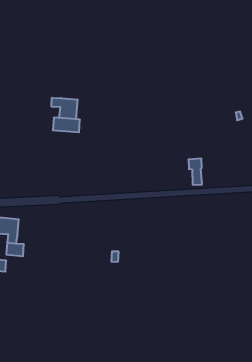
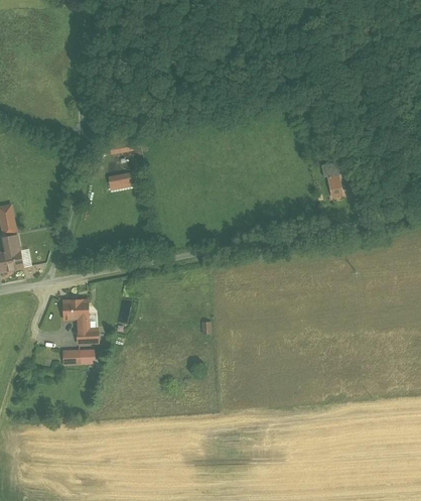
building: [52,98,77,119] -> none
building: [188,159,202,185] -> [321,161,341,194]

